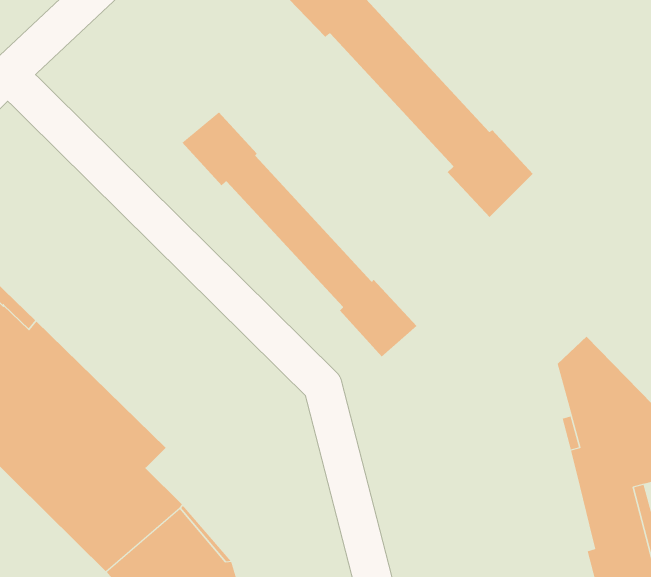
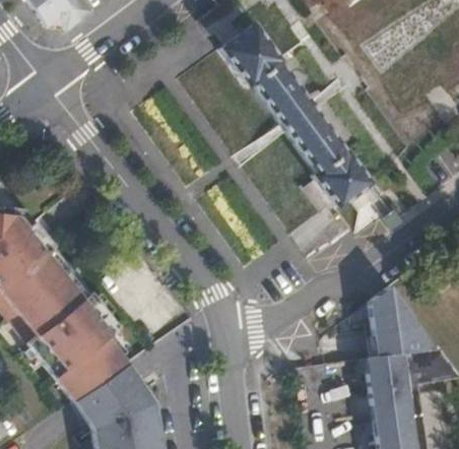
building: [182,112,418,358] -> none

